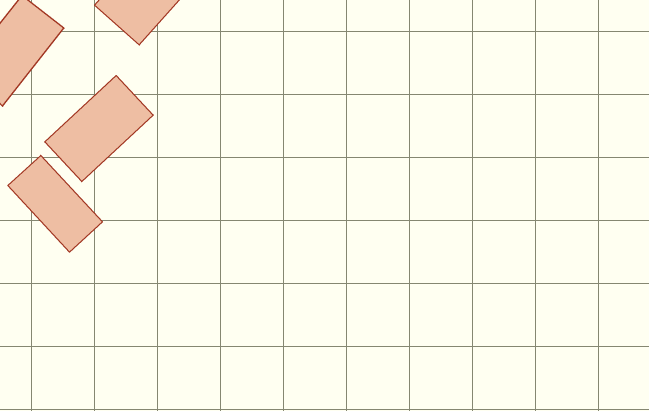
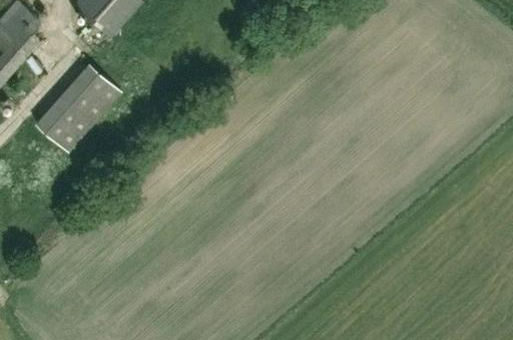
building: [8,155,102,252] -> none

